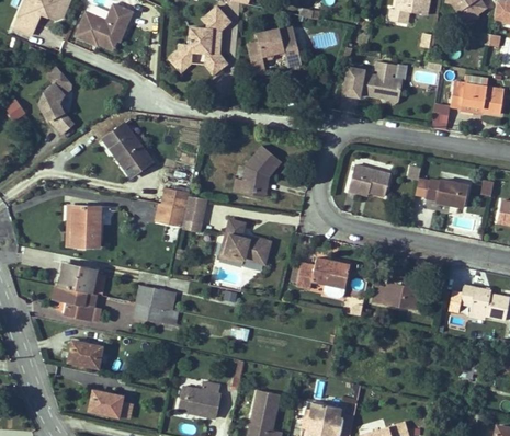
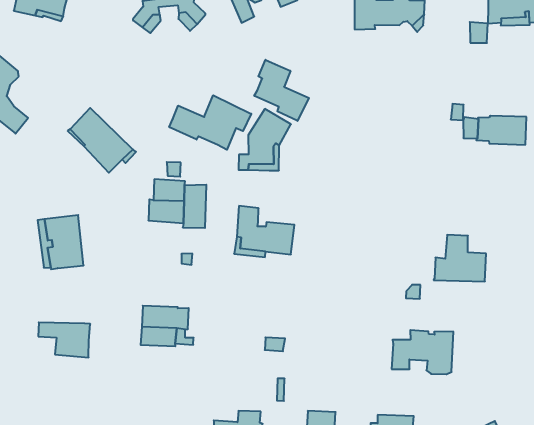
building: none -> [254,60,309,121]
building: none -> [169,95,251,150]
building: [348,164,390,196] -> none
building: [296,257,350,297] -> [392,330,453,374]
building: [56,263,97,292] -> none
building: [68,341,102,367] -> none

